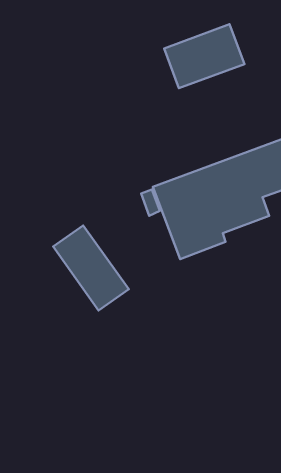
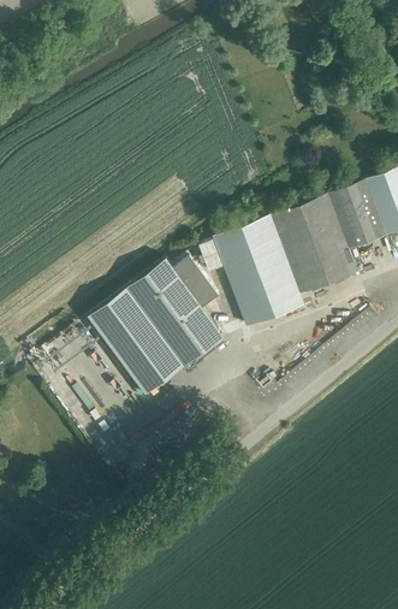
building: [164,24,244,88] -> none
building: none -> [126,252,222,365]

